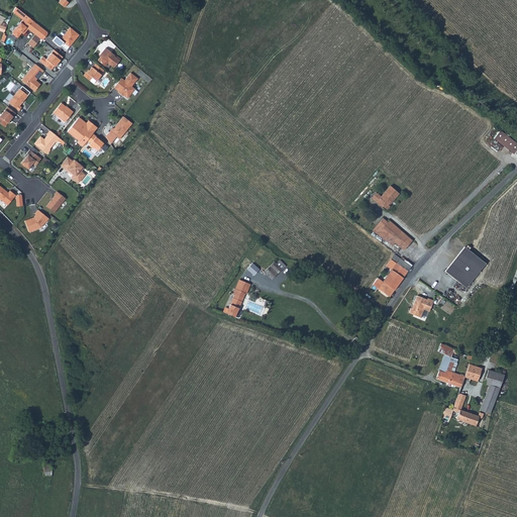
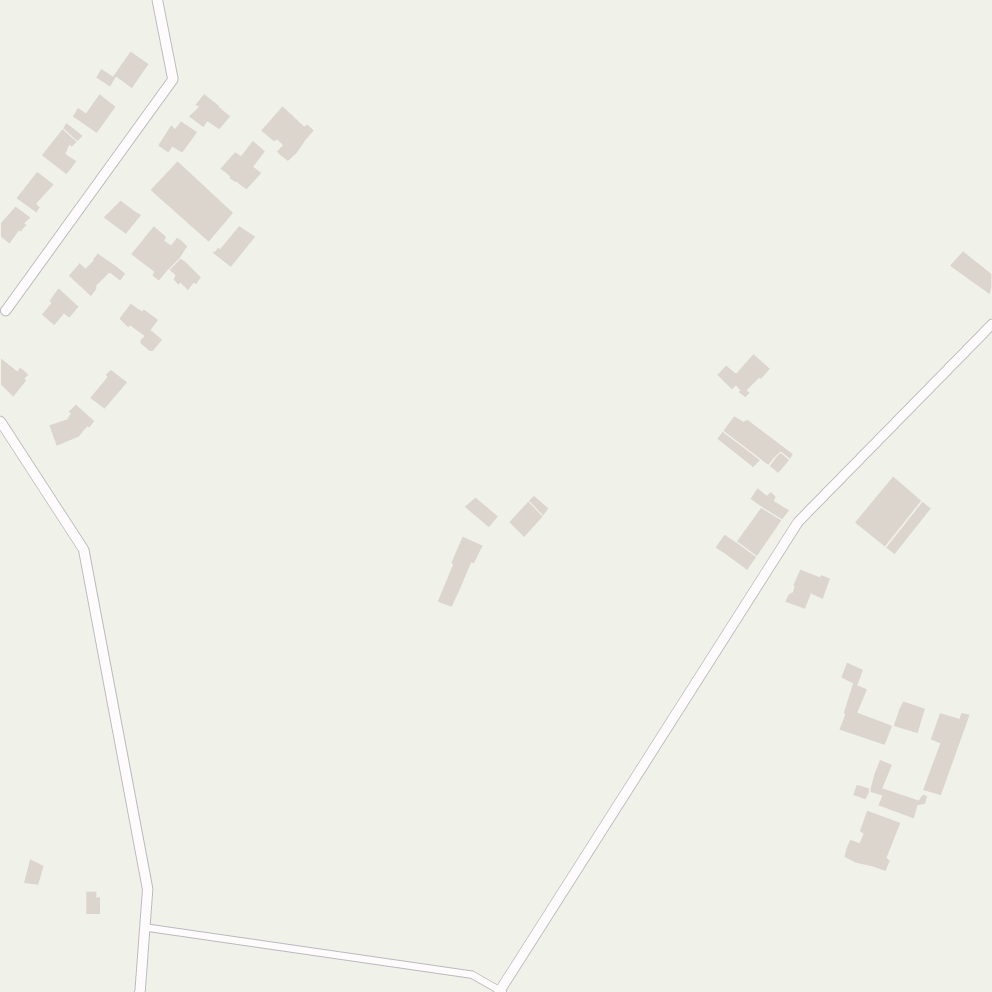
building: [10,14,46,47] -> none
building: none -> [260,106,315,162]
building: none -> [150,161,234,243]
building: none -> [844,810,901,872]

